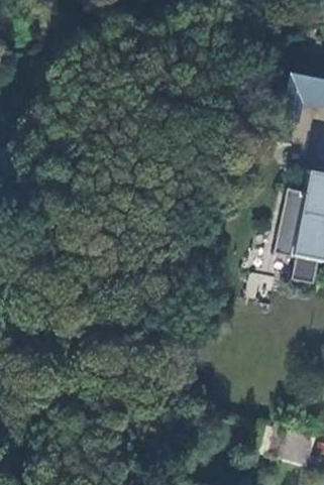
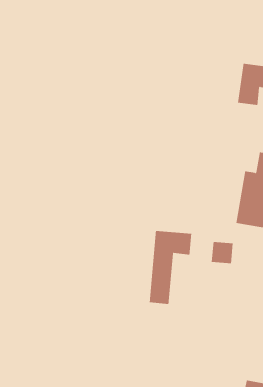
building: none -> [149,230,192,305]

